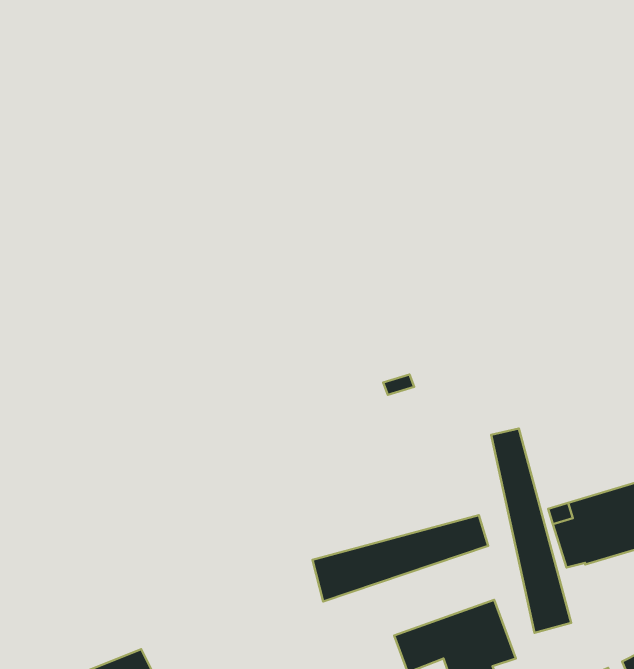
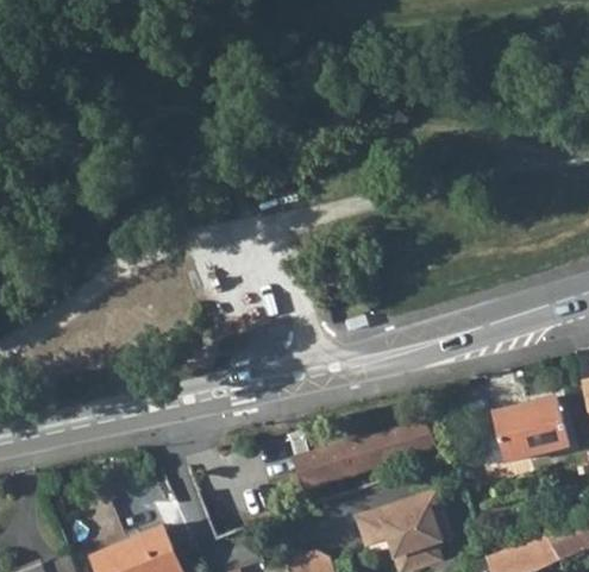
building: [491,428,571,633] -> none

